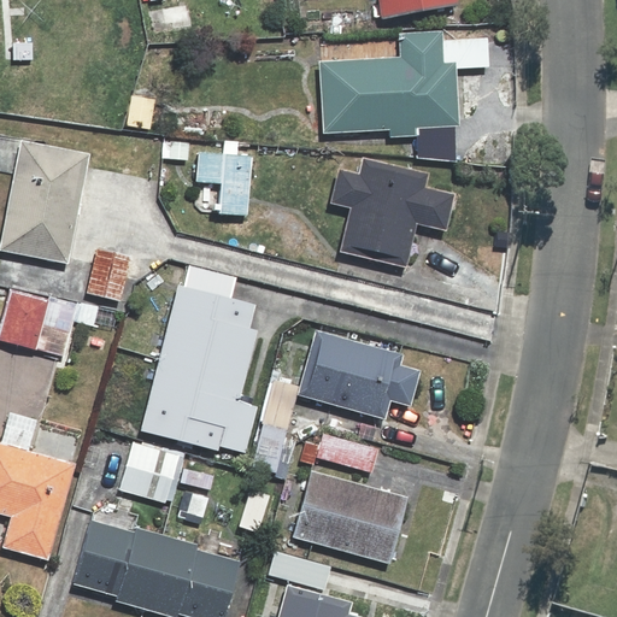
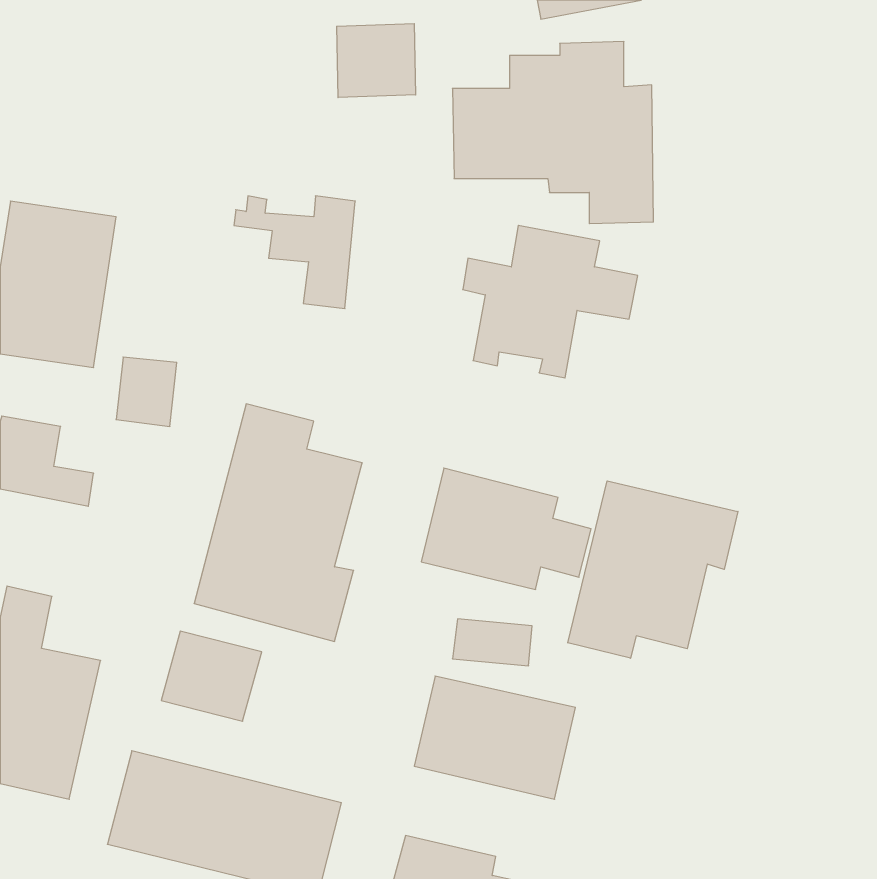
building: none -> [337,24,416,98]
building: none -> [568,481,738,658]

